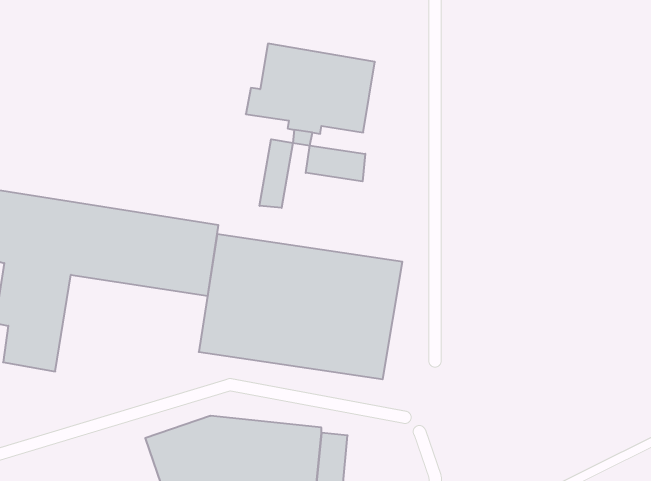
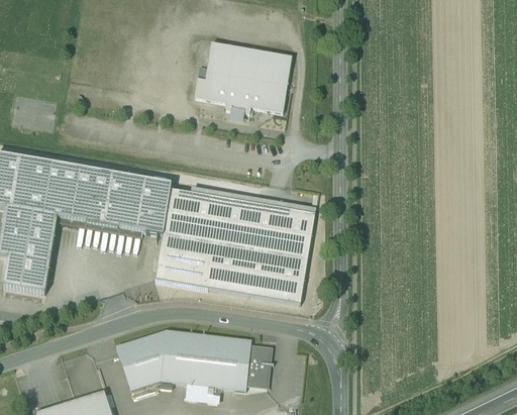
building: [260,139,293,208] -> none
building: [306,145,365,181] -> none

